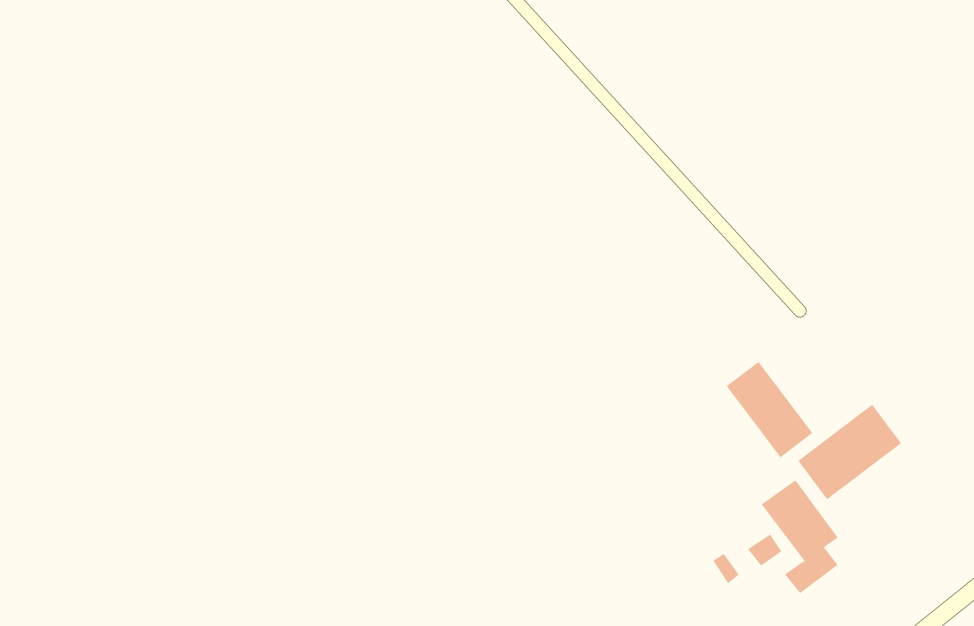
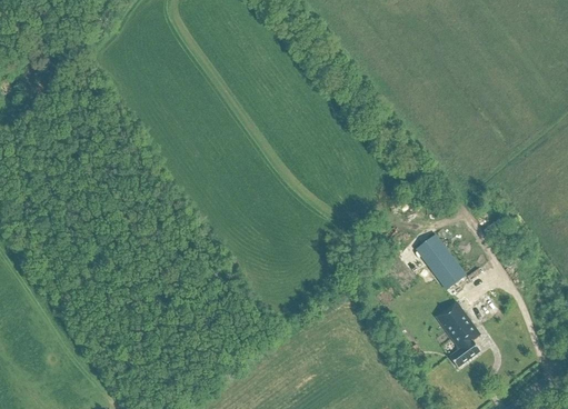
building: [797,404,902,500] -> none

